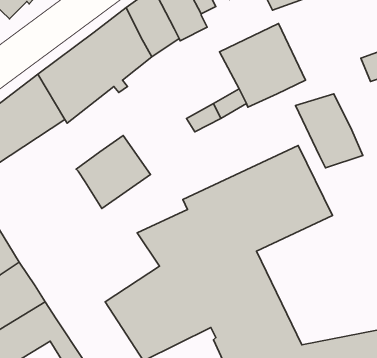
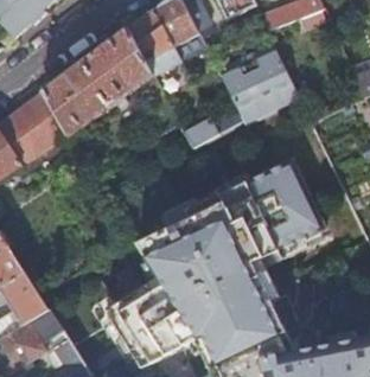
building: [296,94,363,168] -> none
building: [76,136,150,209] -> none

